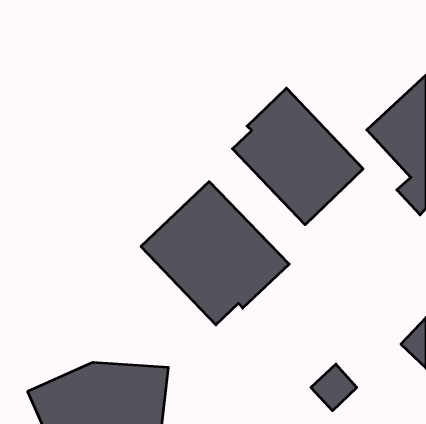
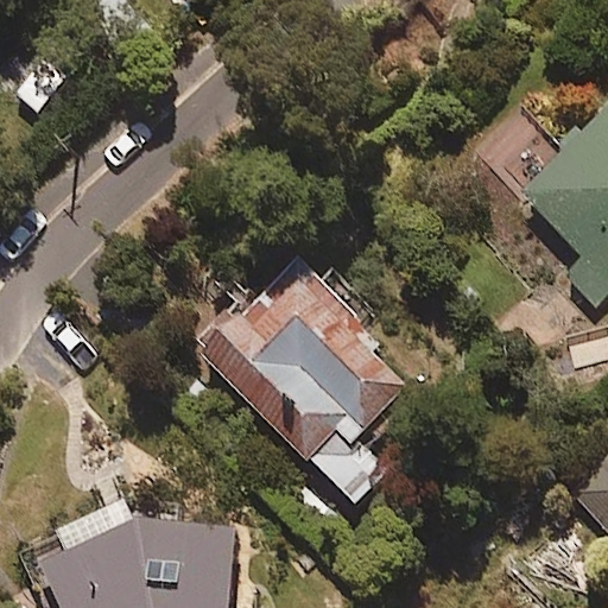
building: [232,88,363,225] -> none

